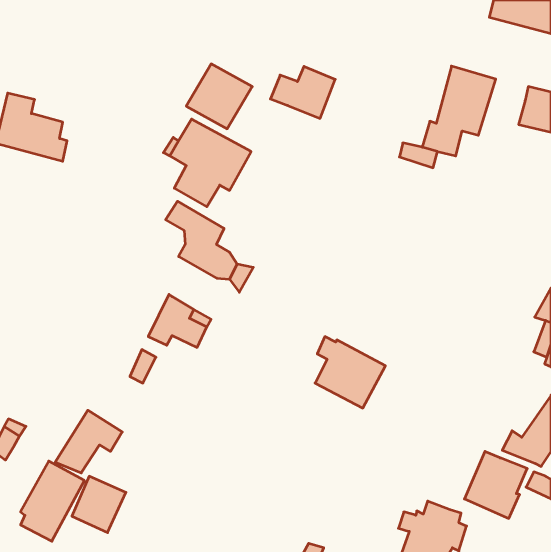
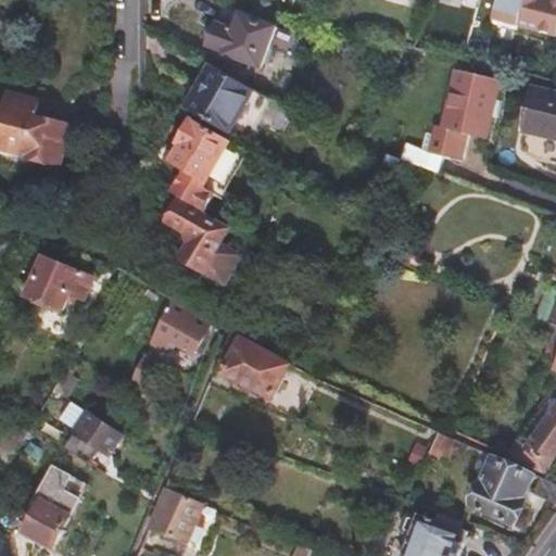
building: [270,66,335,118] -> [208,14,274,66]
building: none -> [24,254,92,313]
building: [315,337,385,408] -> [217,334,288,406]
building: [72,476,126,533] -> [148,484,202,541]

